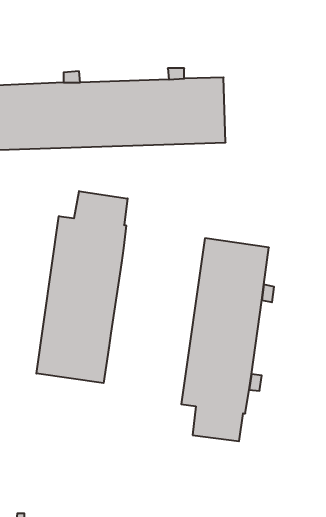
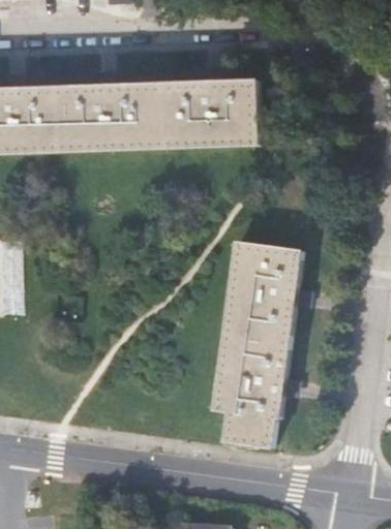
building: [36,191,128,383] -> none

